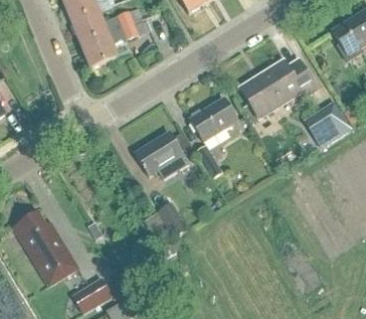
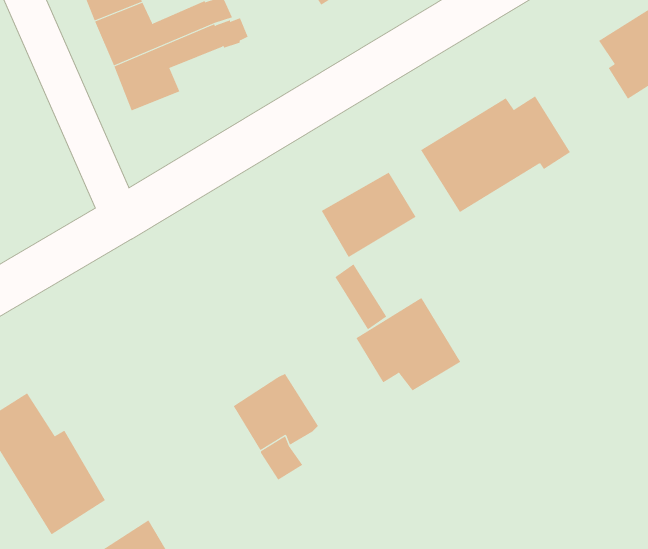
building: [315,102,349,145] -> none
building: [135,130,189,178] -> [356,297,461,391]

